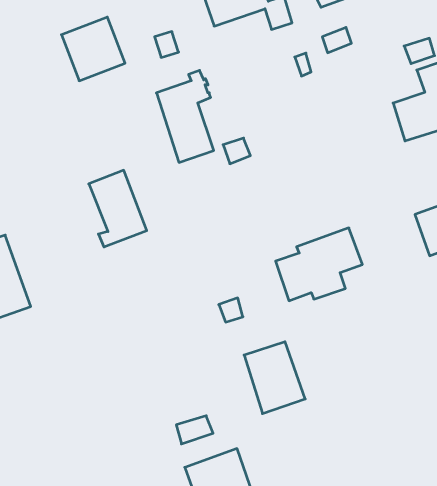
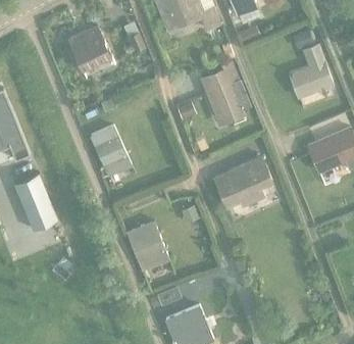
building: [156,70,214,162] -> [203,65,243,127]
building: [244,342,305,414] -> [128,223,169,271]

